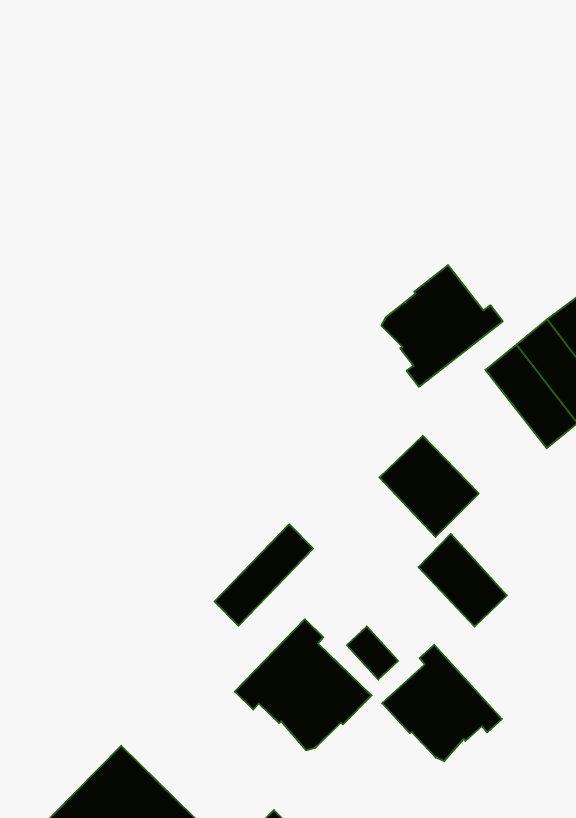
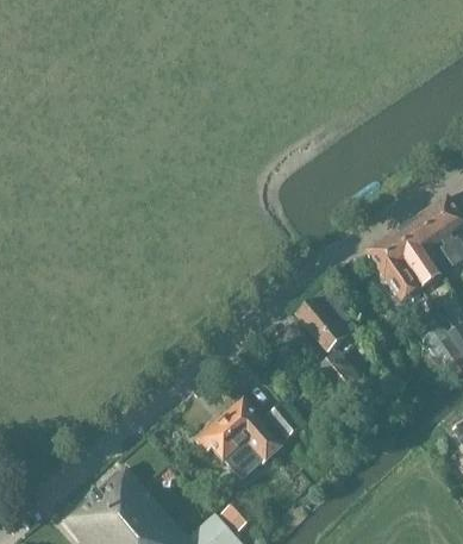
building: [382,265,503,387] -> none
building: [215,524,313,626] -> none
building: [382,645,502,761] -> none

